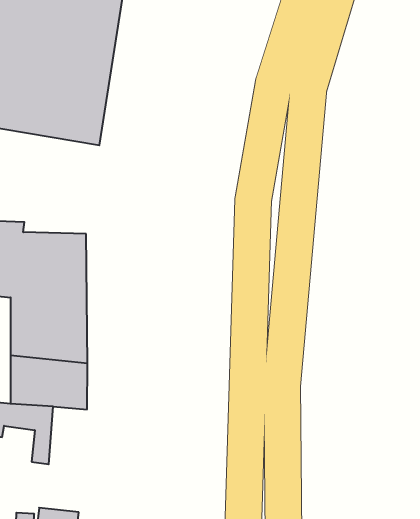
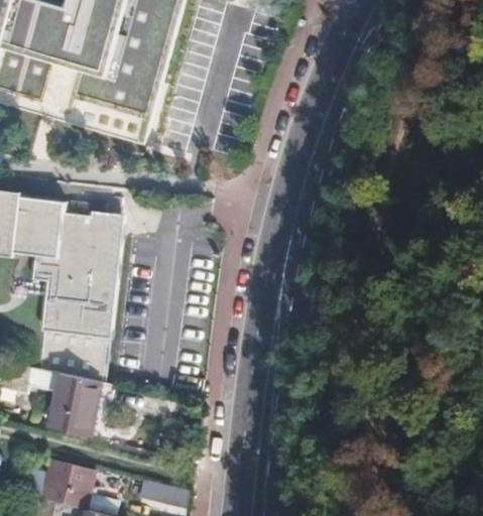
building: none -> [65,372,105,431]

